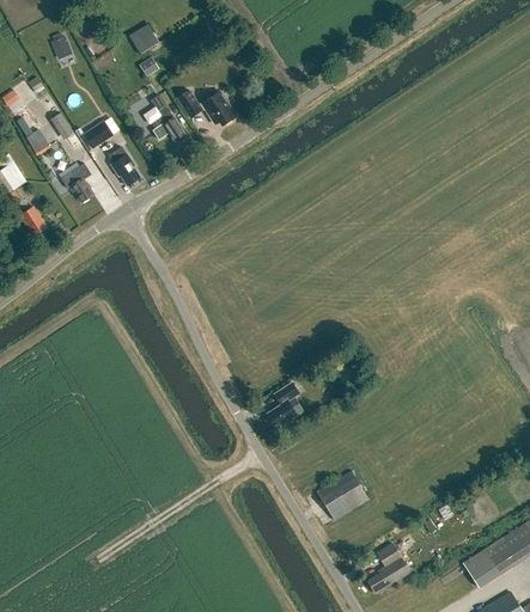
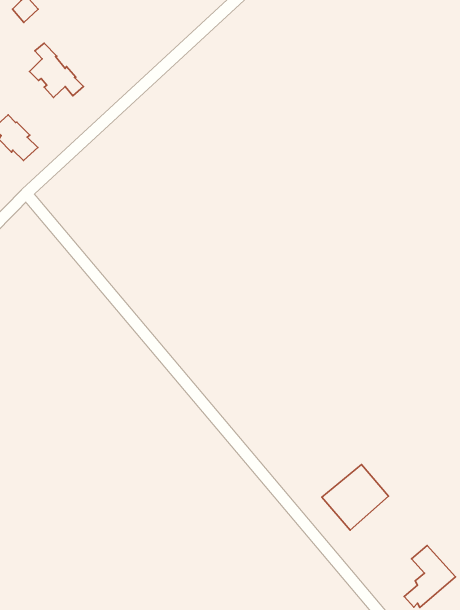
building: [177,90,236,124] -> none
building: [267,381,299,426] -> none

